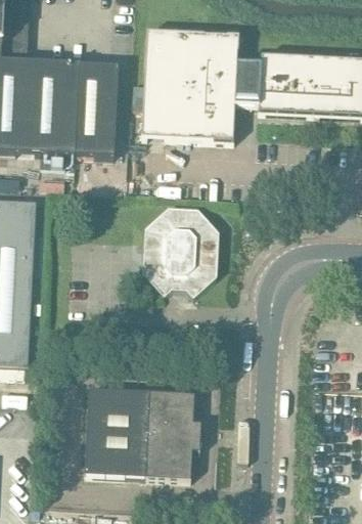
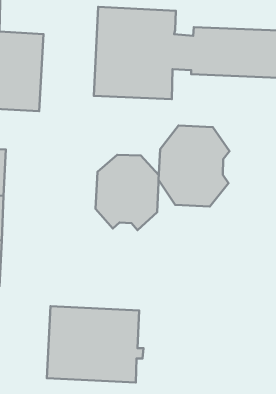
building: [76,63,119,158] -> none
building: none -> [159,126,230,207]

